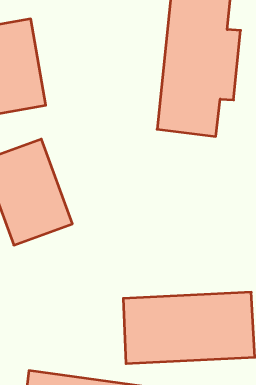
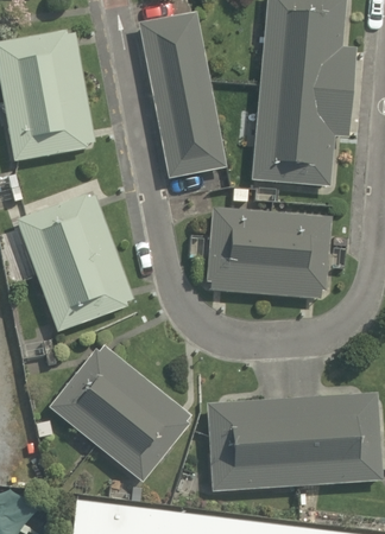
building: none -> [138,13,227,174]
building: none -> [206,208,326,298]
building: none -> [46,342,189,478]

